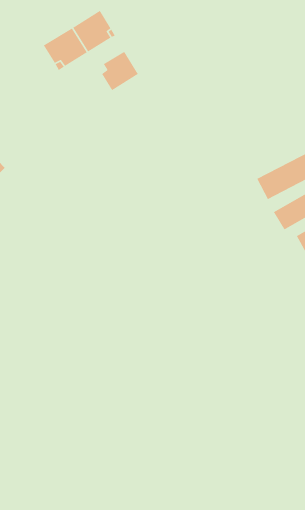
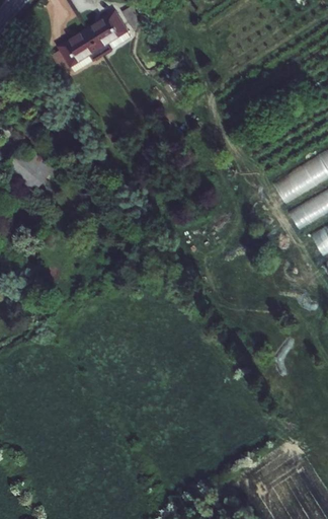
building: [101,51,139,91] -> none

